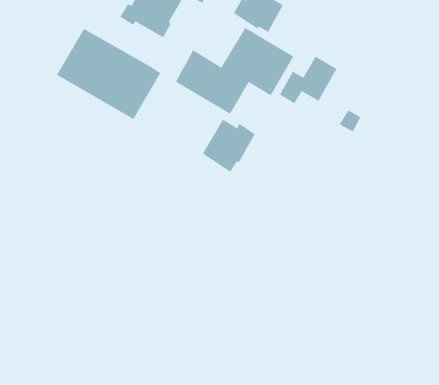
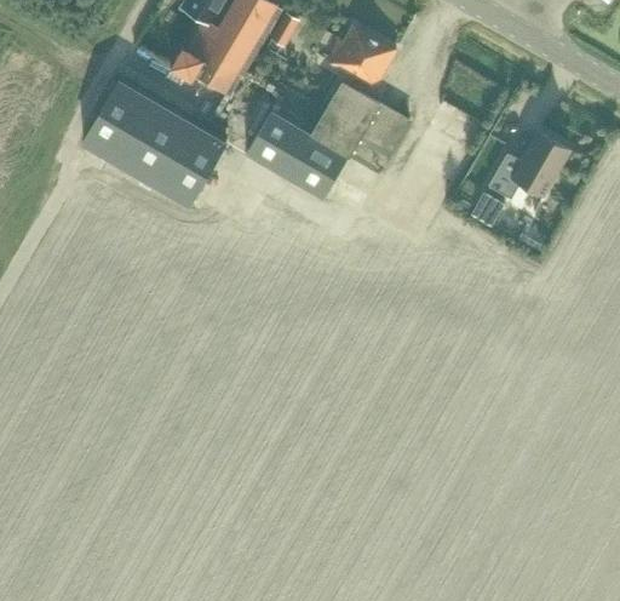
building: [279,56,337,104] -> [488,132,568,199]
building: [202,119,256,173] -> none

